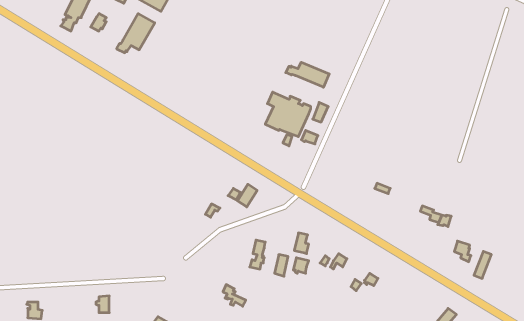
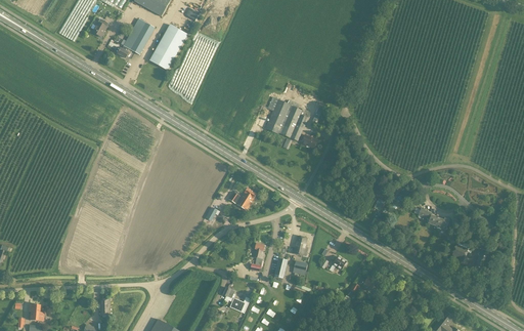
building: none -> [147,23,186,70]
building: [286,62,329,87] -> none

